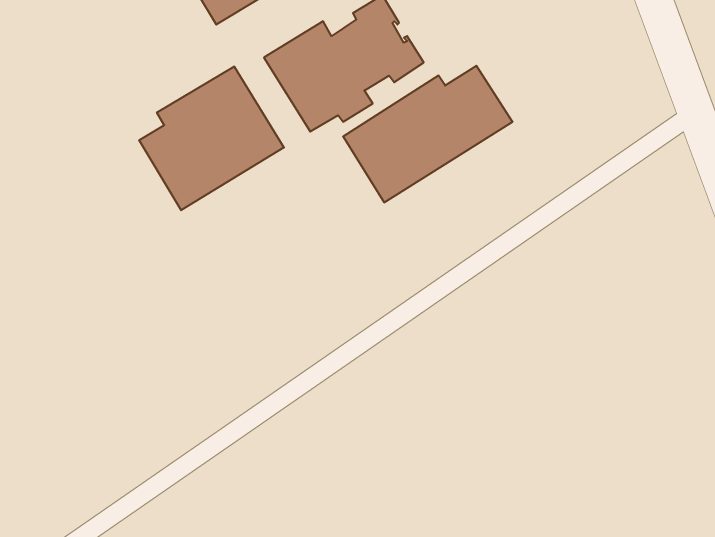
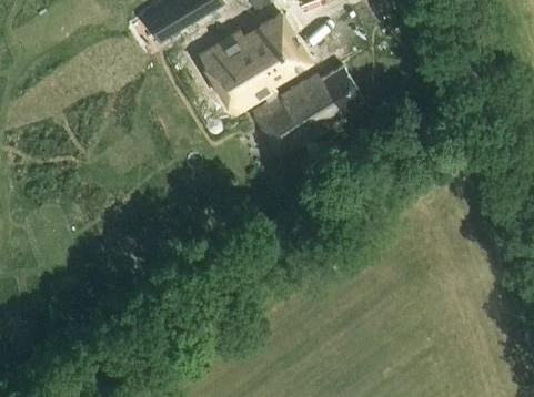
building: [139,66,284,210] -> none

